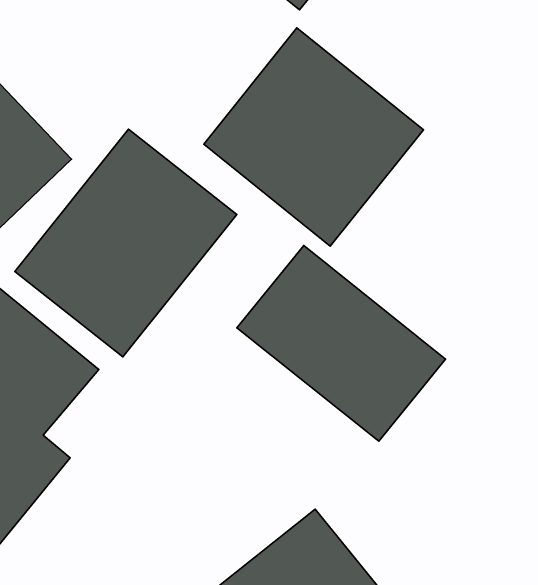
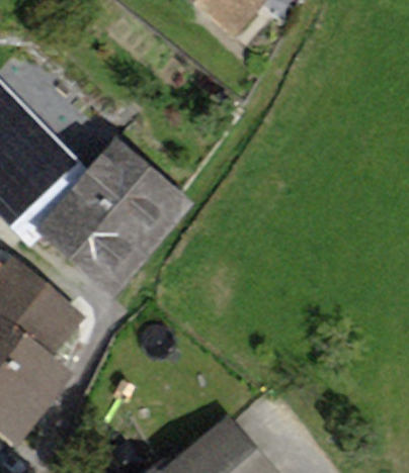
building: [204,28,424,246] -> none
building: [237,246,446,441] -> none

